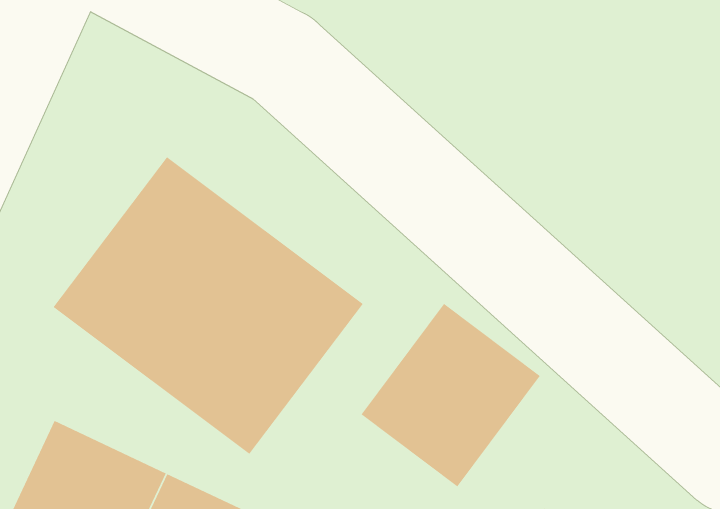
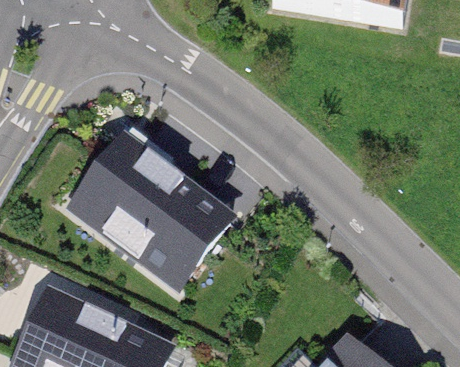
building: [360,303,541,487] -> none

